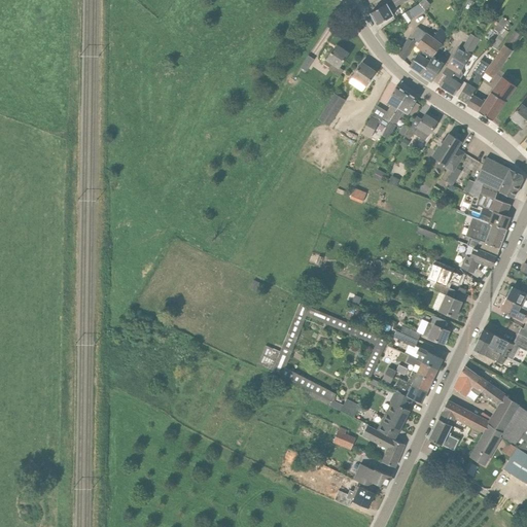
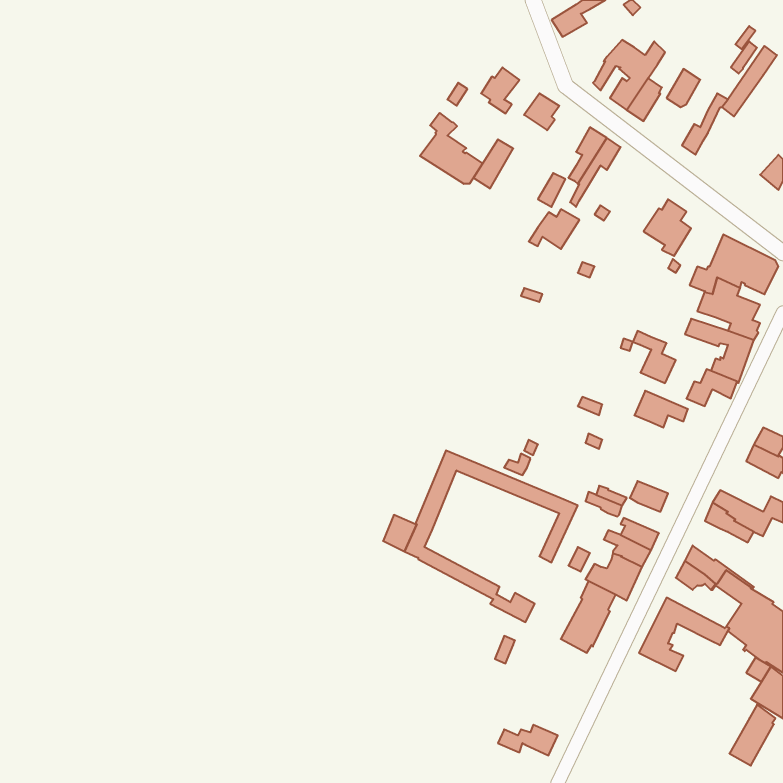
building: [440,66,462,96] -> none
building: none -> [420,113,482,184]
building: [480,77,516,120] -> none
building: [403,114,437,141] -> [529,209,579,249]
building: [433,283,462,318] -> [633,331,676,383]
building: [362,424,405,467] -> none
building: [470,424,501,465] -> [729,704,775,766]
building: [353,463,391,488] -> none

